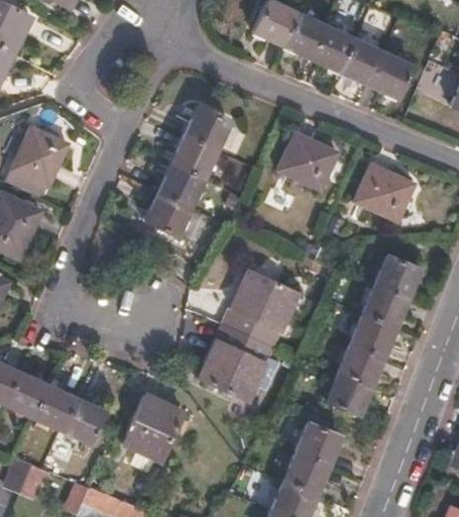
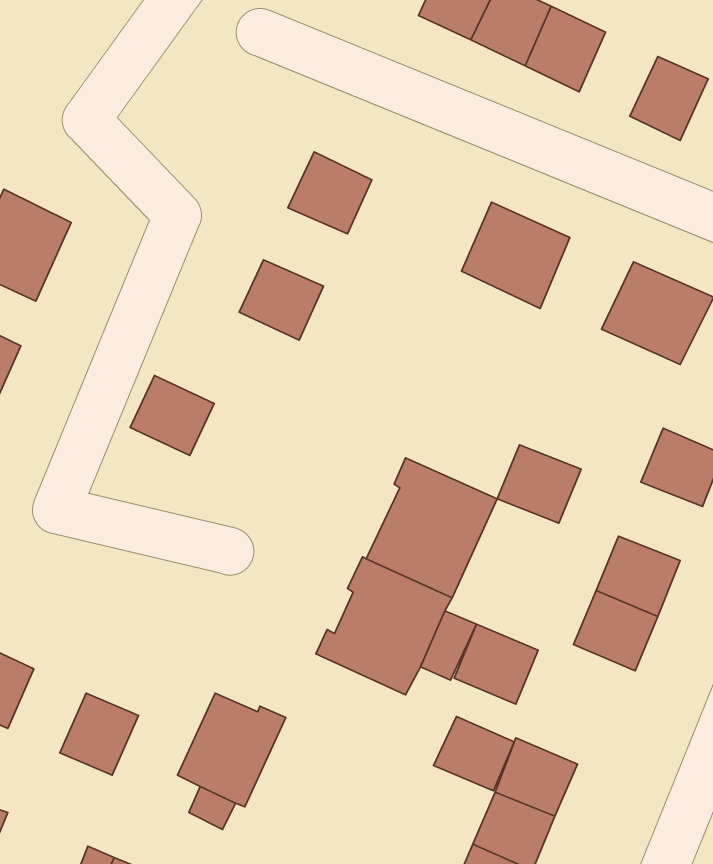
building: [342,40,384,86] -> none
building: [171,135,217,178] -> none
building: [145,192,191,235] -> [130,375,214,456]
building: [363,284,409,326] -> [497,445,581,523]
building: [327,372,372,415] -> [454,624,538,704]
building: [33,385,76,430] -> none
building: none -> [433,716,514,791]

